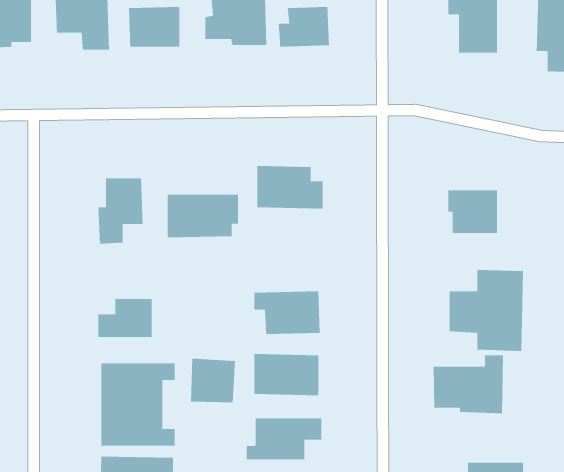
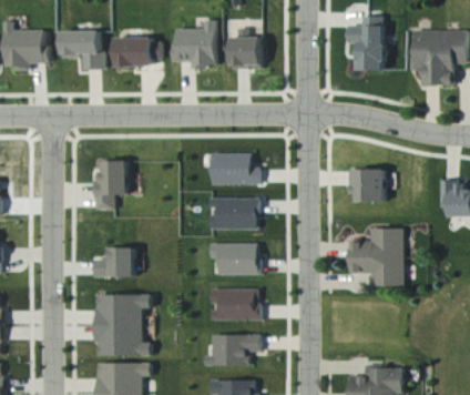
building: [167,194,239,238] -> [207,198,259,230]
building: [433,354,504,414] -> none
building: [190,358,236,403] -> none

